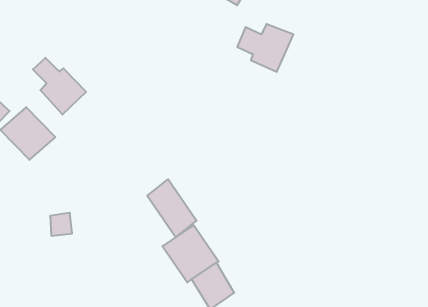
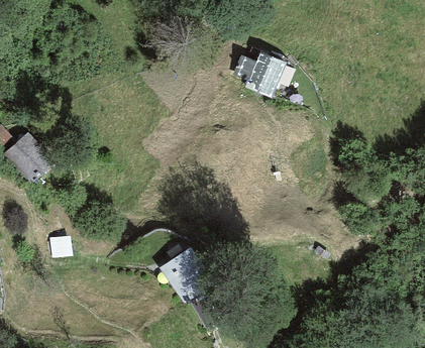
building: [33,58,86,115] -> none
building: [147,179,197,237] -> none

